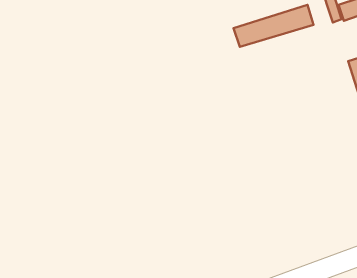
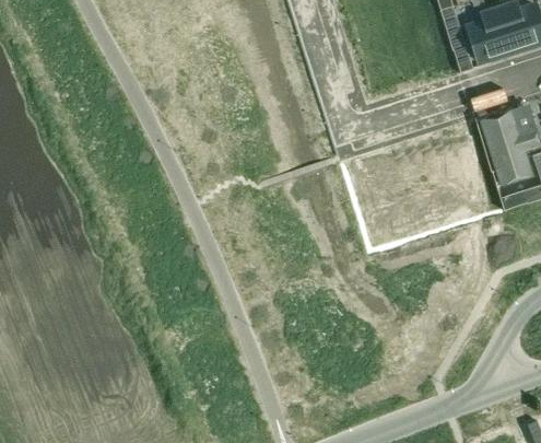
building: [233,5,313,47] -> none

